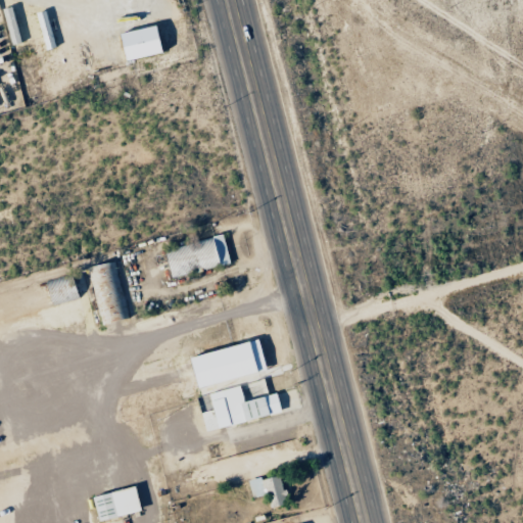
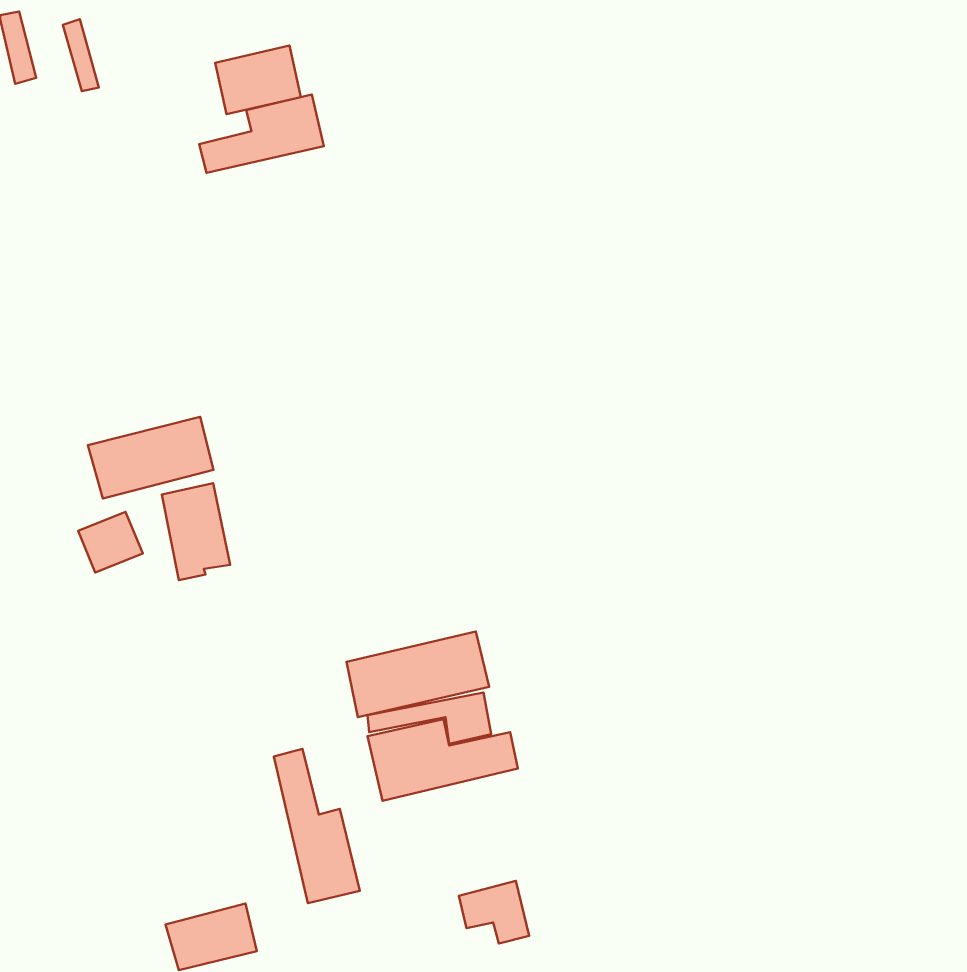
building: none -> [199,94,324,173]
building: [163,235,231,279] -> [88,417,213,499]
building: none -> [274,749,360,903]

